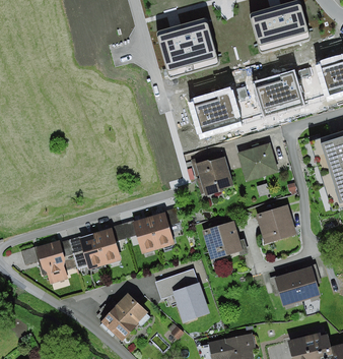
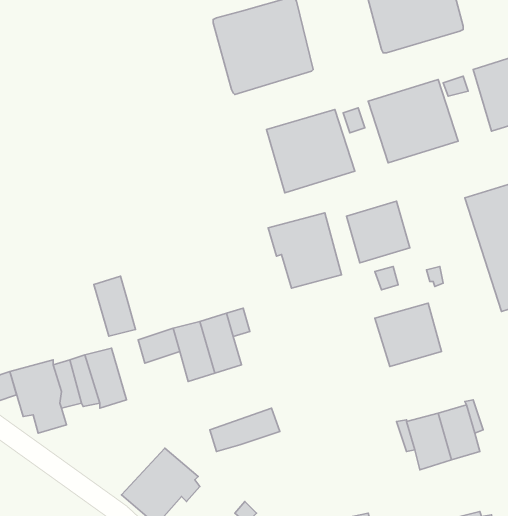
building: [201,221,247,259] -> none
building: [94,227,120,263] -> [94,276,136,336]
building: [173,282,209,322] -> none

